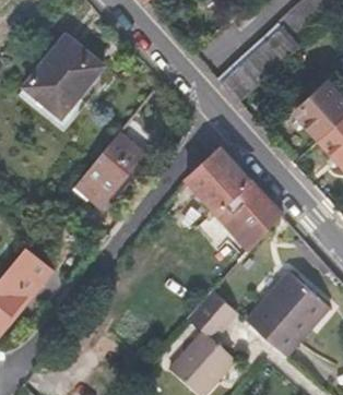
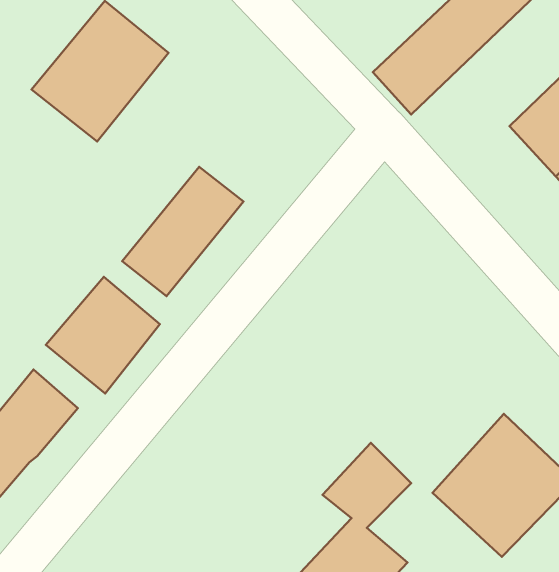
building: [186,147,282,244] -> none
building: none -> [46,277,160,393]

